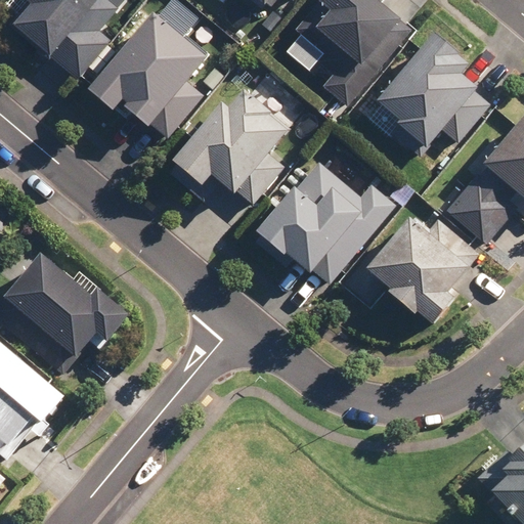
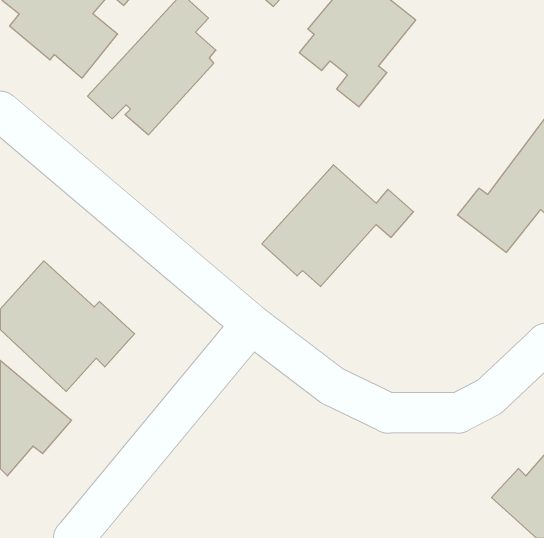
building: [376,37,476,151] -> none
building: [169,88,290,200] -> none
building: [340,210,482,324] -> none

